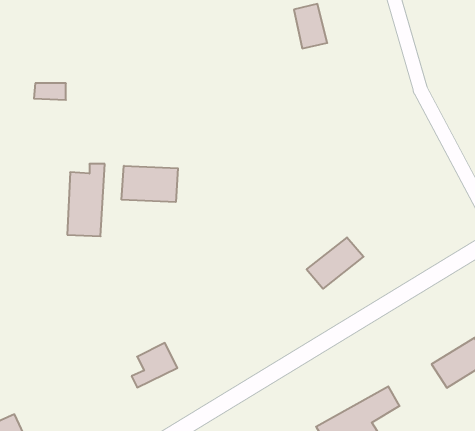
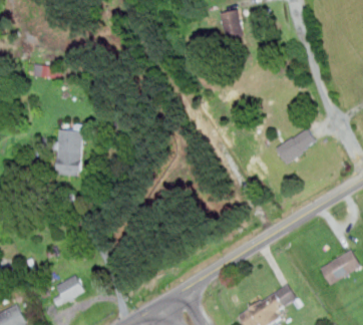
building: [122,166,178,202] -> none
building: [307,237,364,289] -> [276,127,317,165]
building: [132,343,177,387] -> [52,275,85,307]

